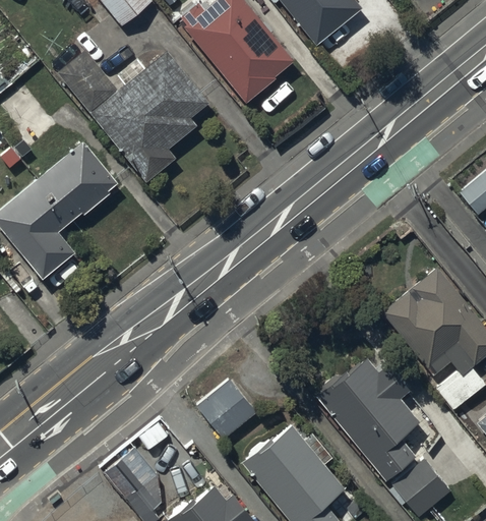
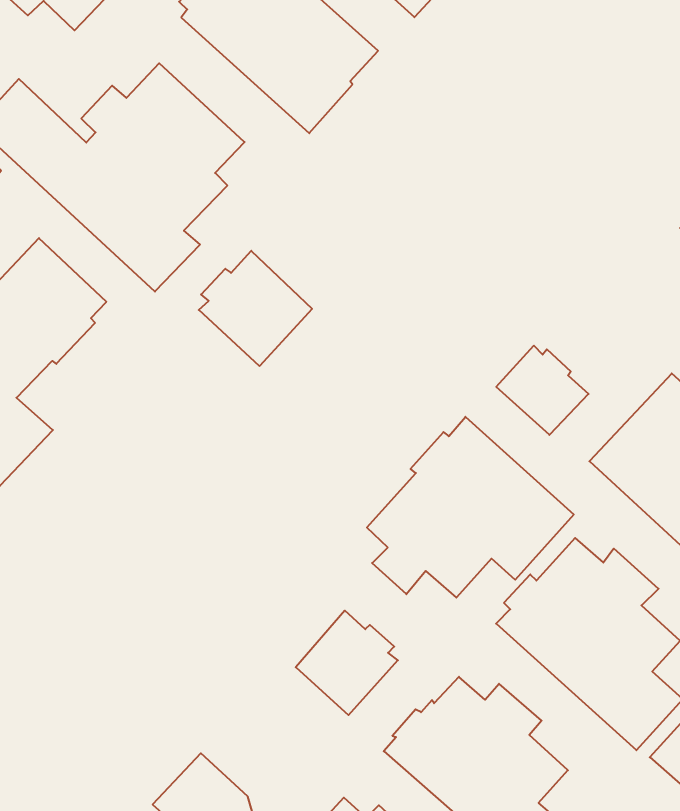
building: none -> [199,251,312,366]
building: none -> [496,346,589,435]
building: none -> [367,417,574,598]

